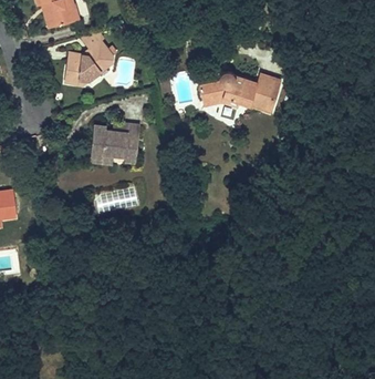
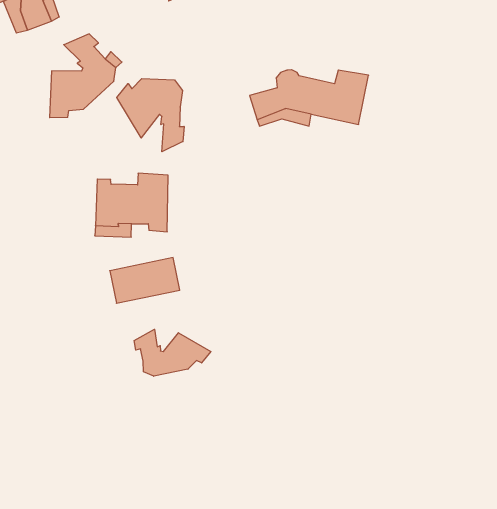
building: none -> [117,79,184,152]
building: none -> [134,329,211,376]

